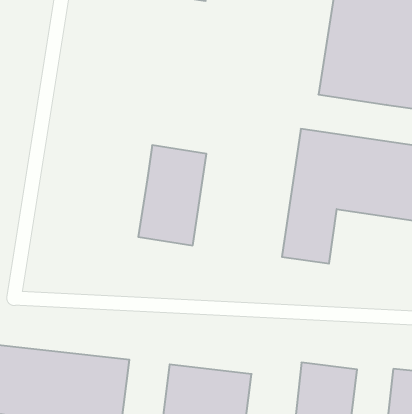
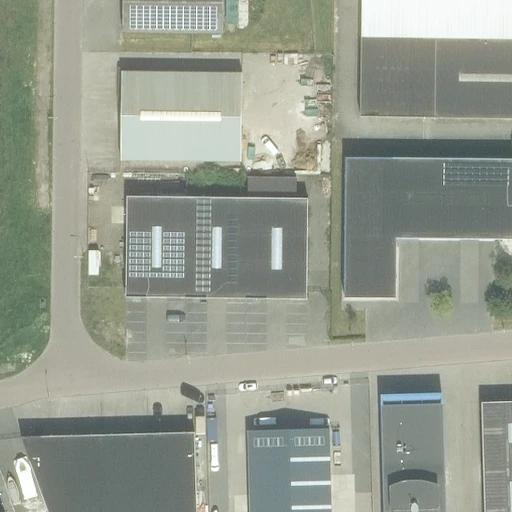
building: none -> [121,71,242,161]
building: none -> [247,177,308,298]
building: none -> [126,195,188,297]

